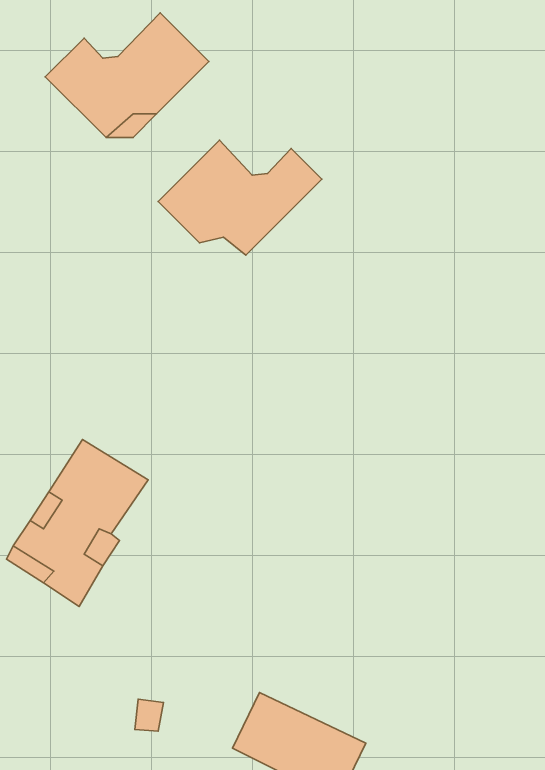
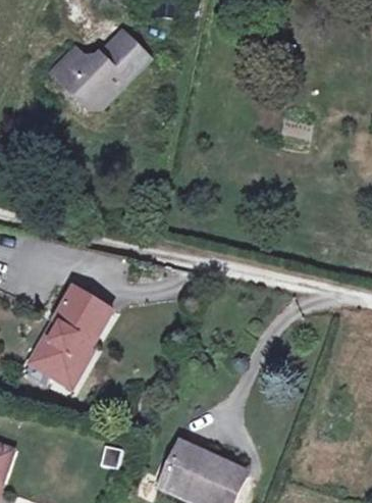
building: [158,140,322,255] -> none

